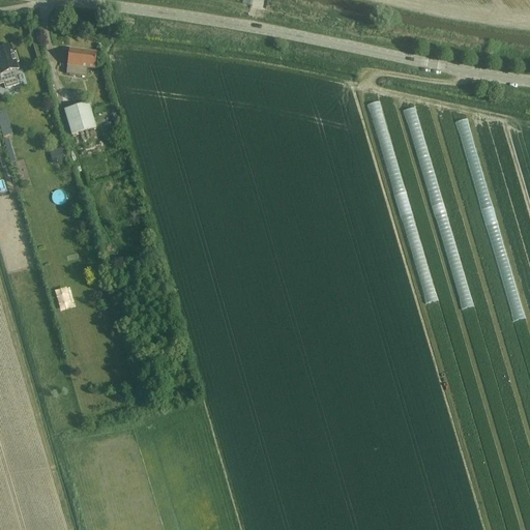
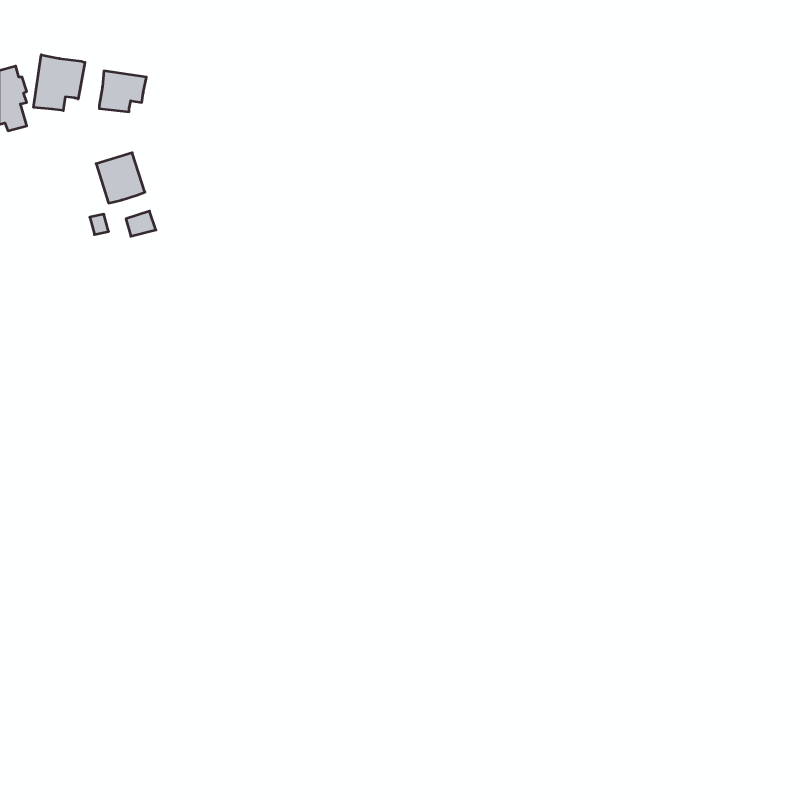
building: none -> [34,55,85,111]

